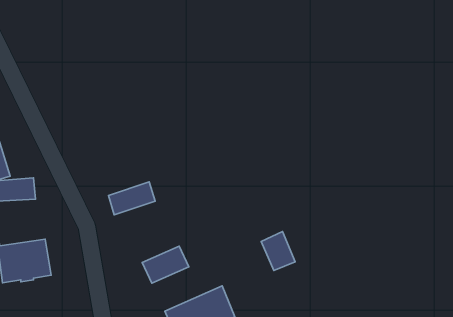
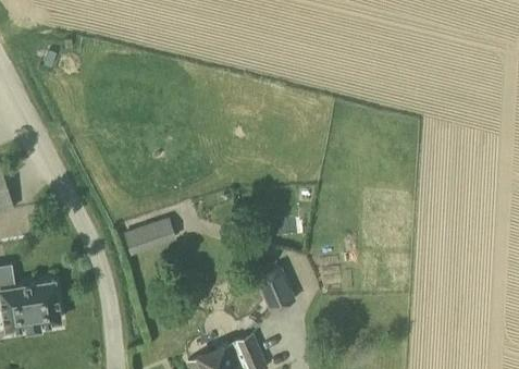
building: [261,232,295,270] -> [255,267,293,310]
building: [142,246,189,283] -> none

